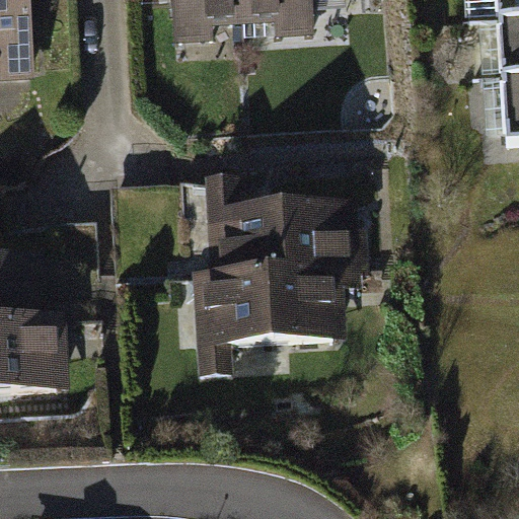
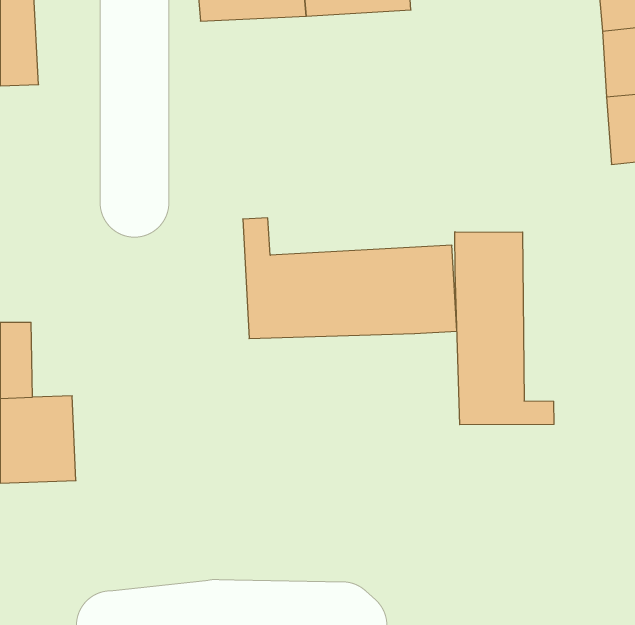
building: none -> [455,232,554,425]
building: [175,272,343,347] -> none

